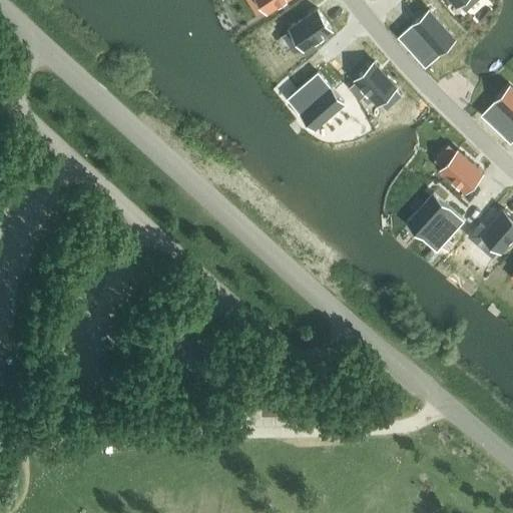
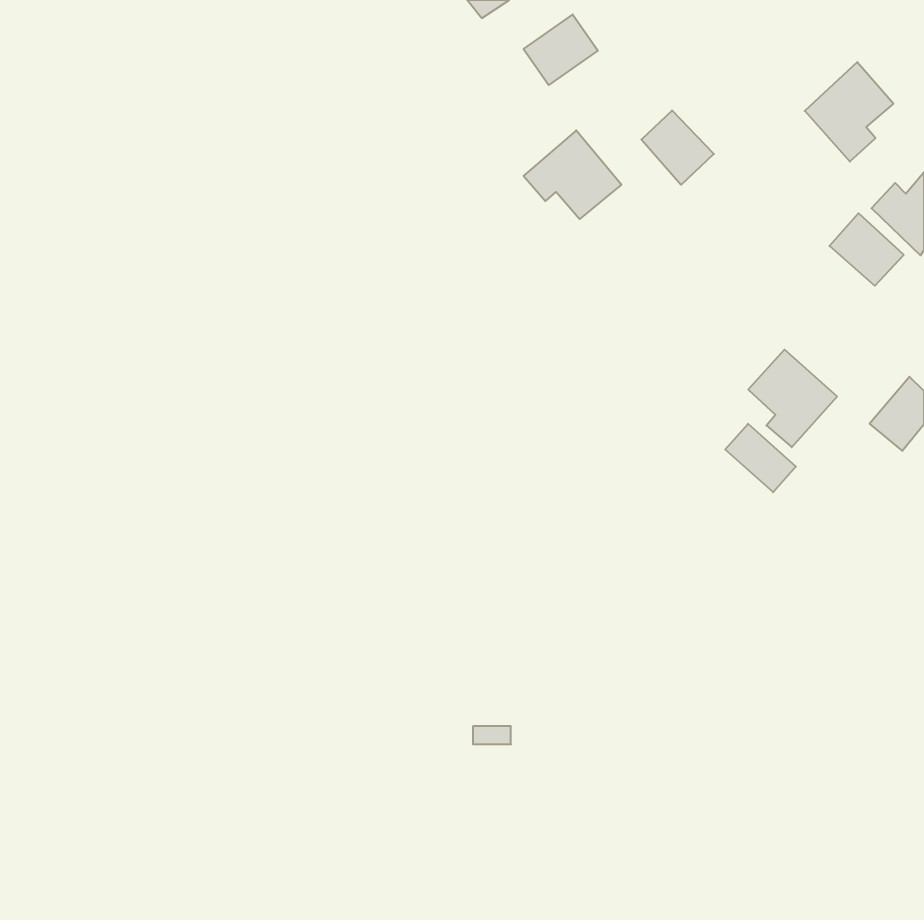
building: [399,11,448,66] -> [805,62,893,162]
building: [441,152,482,192] -> [829,213,904,286]
building: none -> [725,424,796,492]

